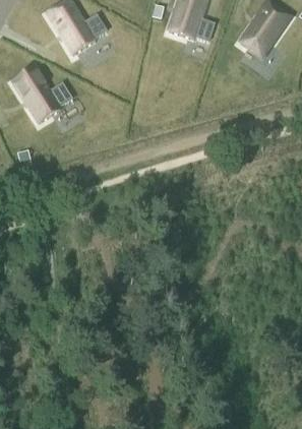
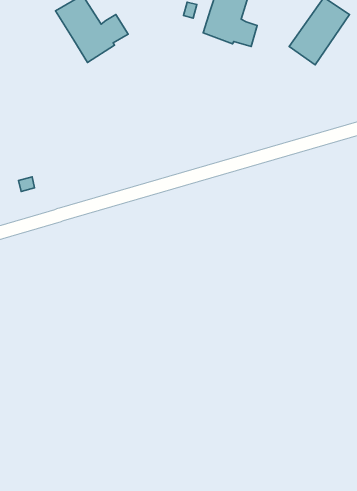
building: [12,67,72,123] -> none

